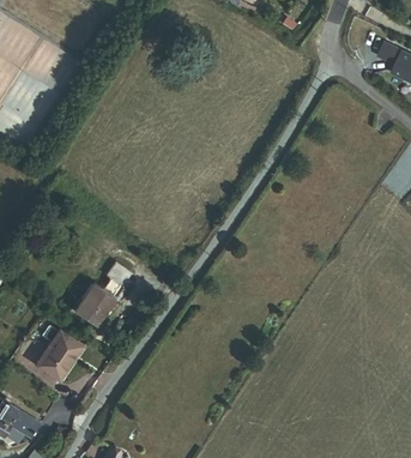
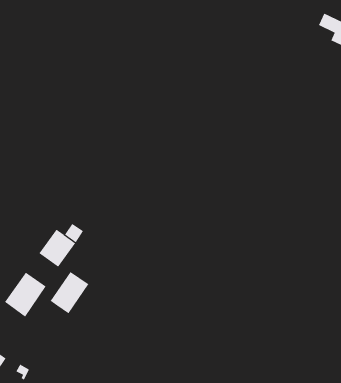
building: none -> [50,271,89,314]

